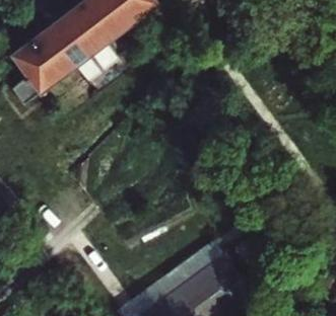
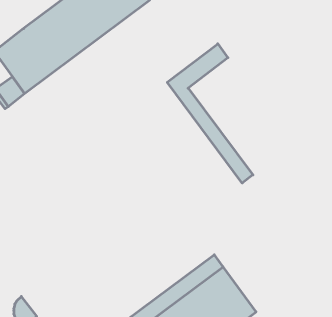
building: none -> [167,44,253,183]

